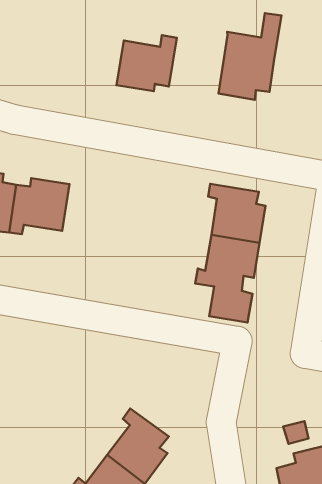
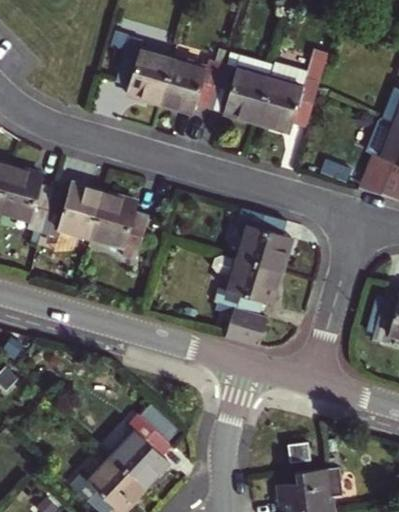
building: none -> [116,38,173,104]
building: none -> [211,55,273,123]
building: none -> [93,194,147,259]

